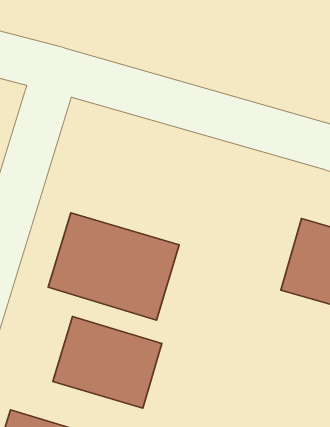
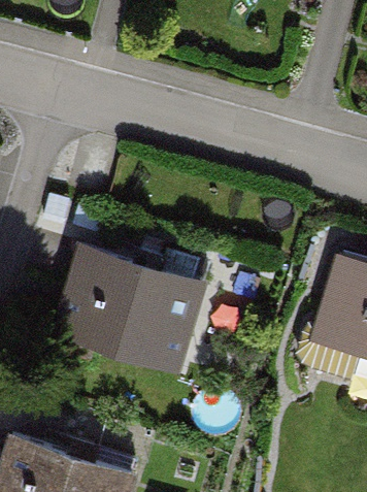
building: [53,316,162,408] -> none

